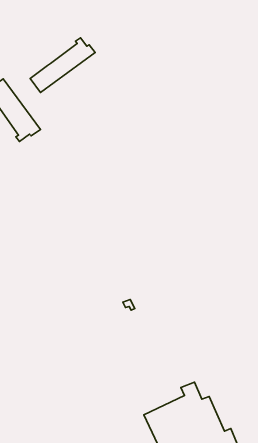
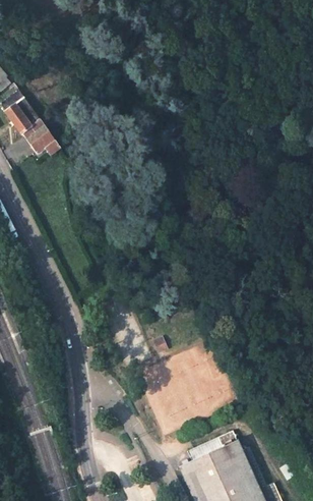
building: [30,38,95,92] -> none

